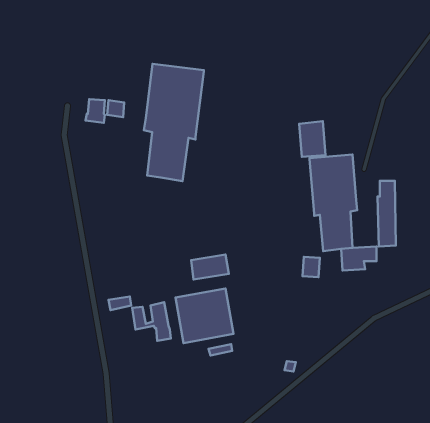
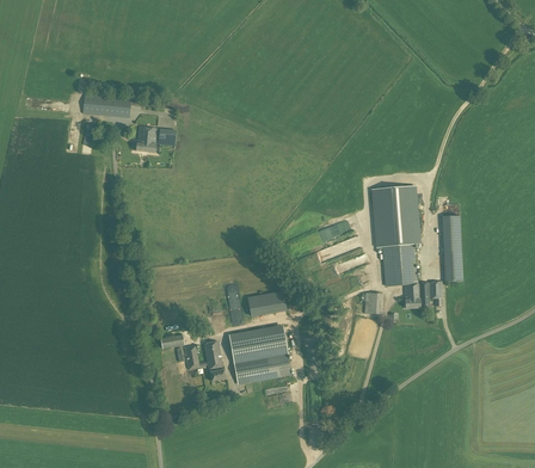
building: [144,64,204,181] -> none
building: none -> [82,94,130,117]
building: [299,121,326,157] -> none

